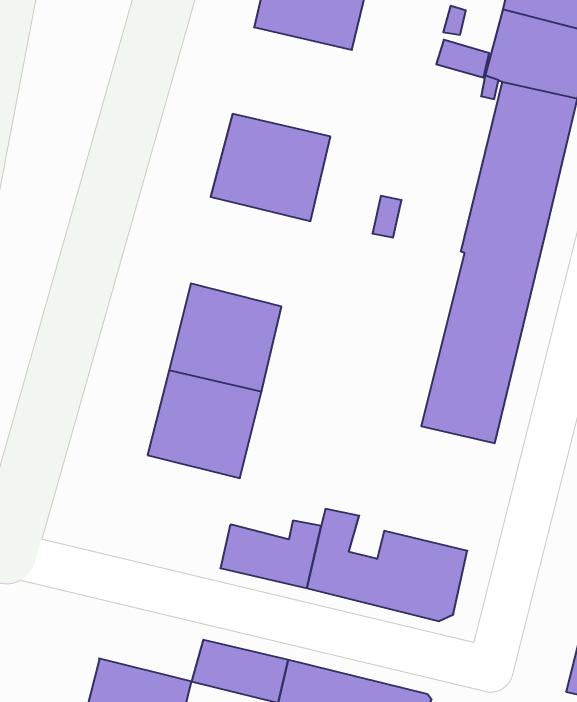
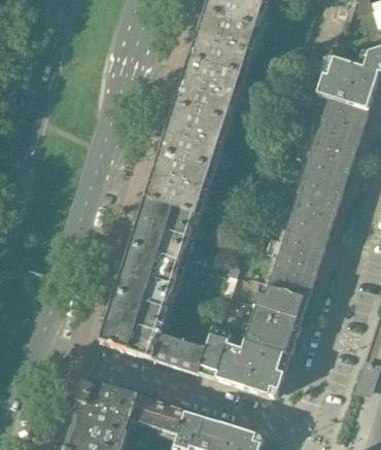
building: none -> [175,57,244,120]
building: none -> [145,149,214,214]
building: none -> [243,282,308,356]
building: none -> [99,290,168,356]
building: none -> [77,380,138,418]

